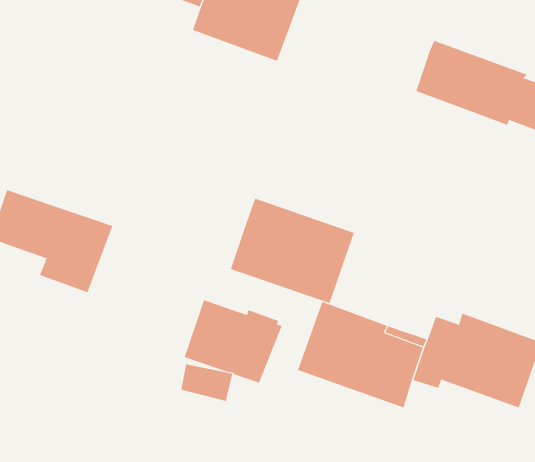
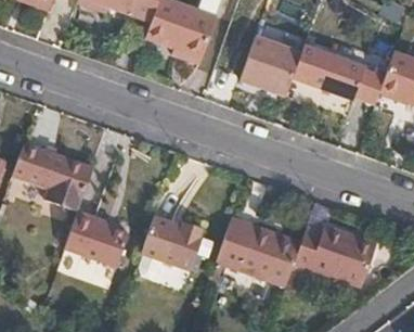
building: none -> [238,36,301,97]
building: [230,198,354,304] -> none
building: none -> [64,210,128,268]

